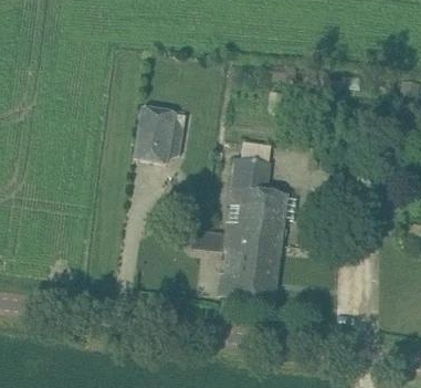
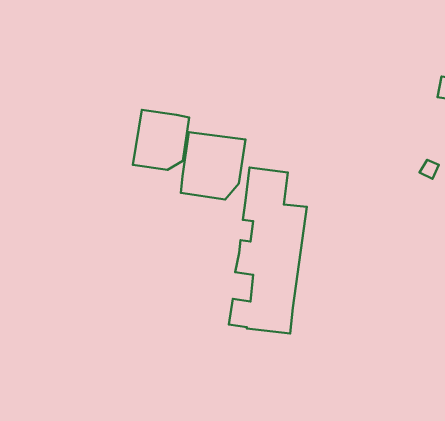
building: none -> [181,132,245,199]

